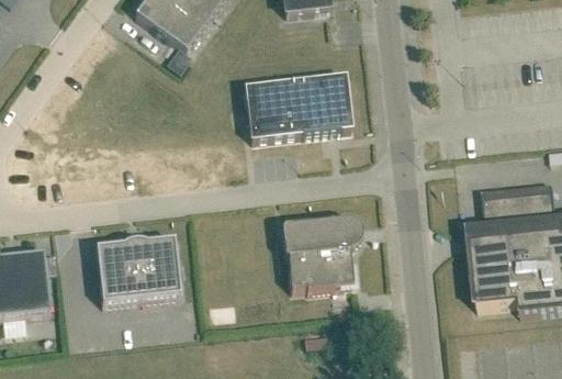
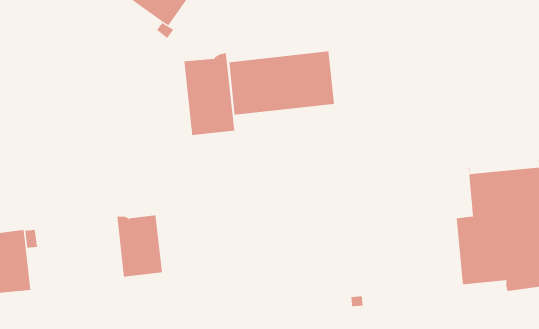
building: none -> [184,52,235,136]
building: [281,216,362,288] -> none
building: [95,236,140,301] -> none

